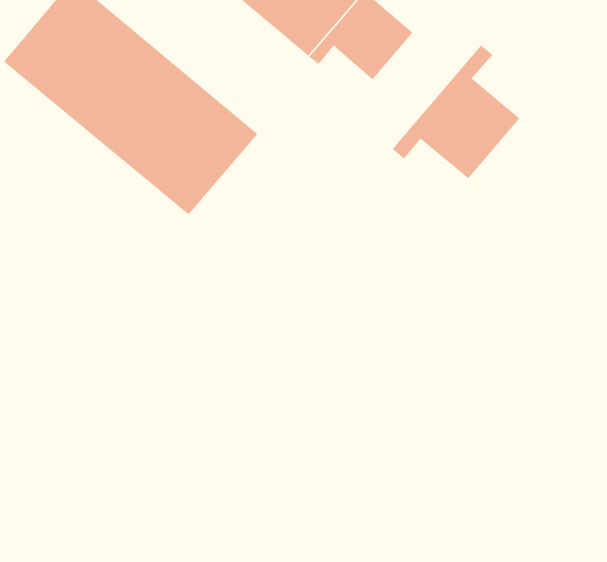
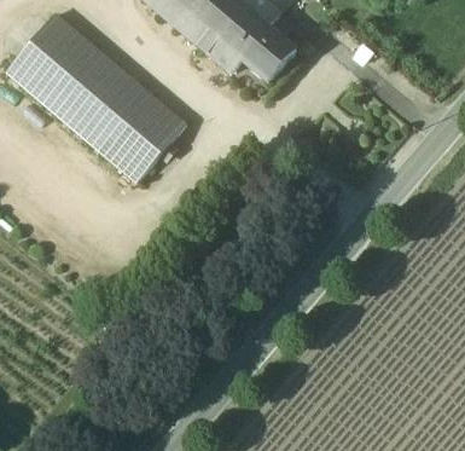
building: [392,44,520,179] -> none

